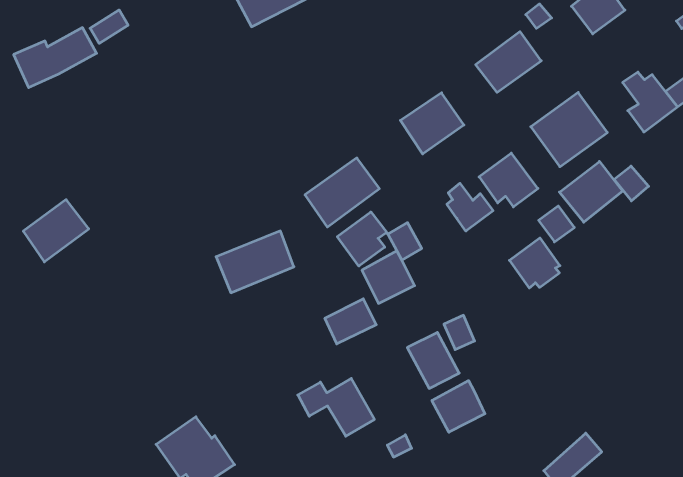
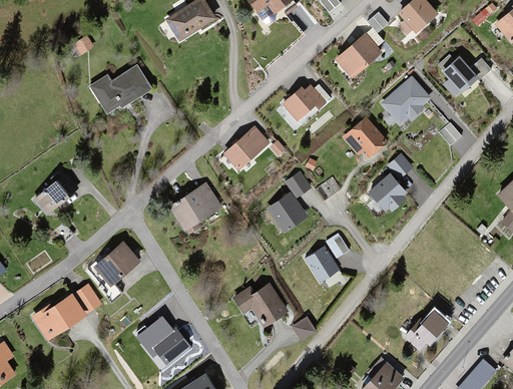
building: [14,28,97,88] -> [90,67,147,111]
building: [559,161,622,222] -> none
building: [447,183,493,231] -> none
building: [337,212,387,266] -> none
building: [325,299,376,344] -> none
building: none -> [91,241,136,286]
building: none -> [30,283,99,337]
building: [432,381,485,432] -> none

